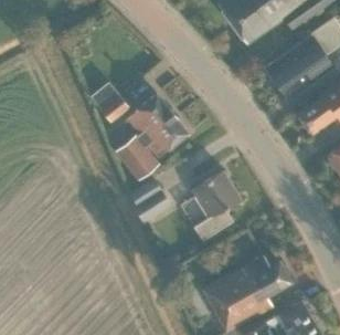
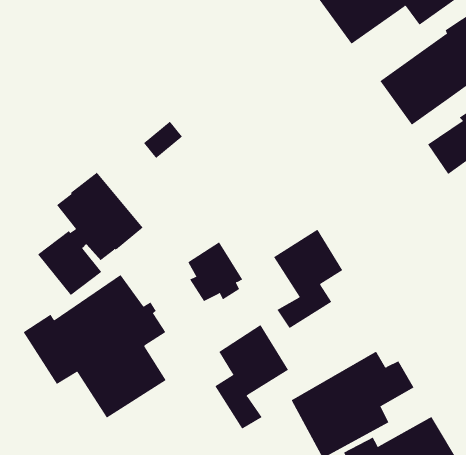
building: [114,95,188,181] -> [37,172,143,296]
building: none -> [23,274,167,418]
building: none -> [214,324,289,430]

